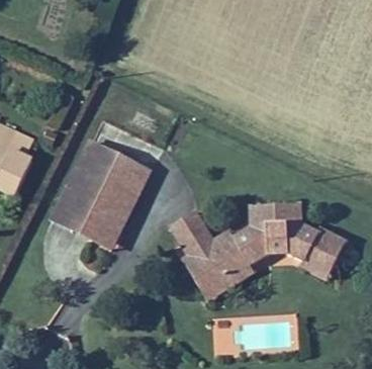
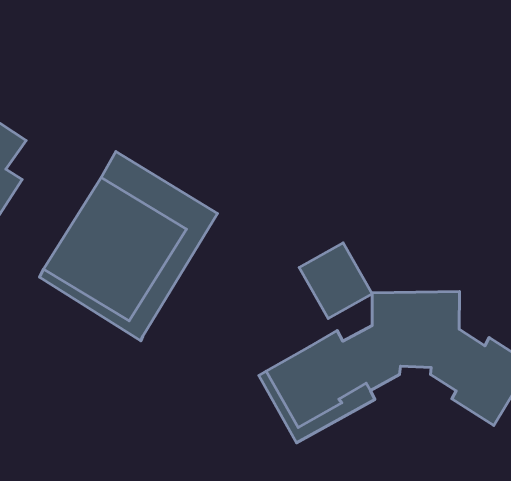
building: [169,213,213,259] -> [299,243,372,319]

